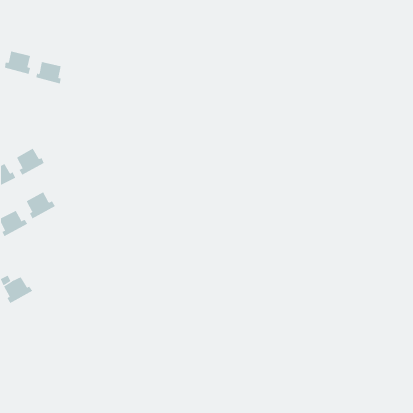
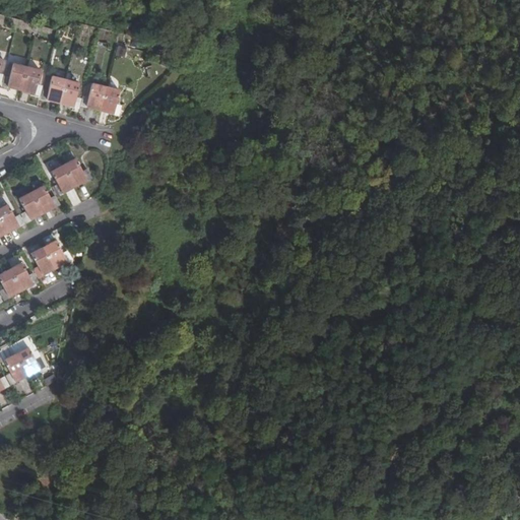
building: none -> [83,83,118,113]
building: none -> [52,158,89,193]

